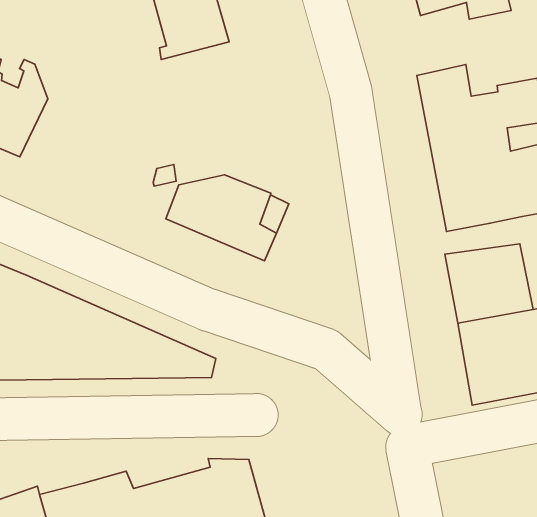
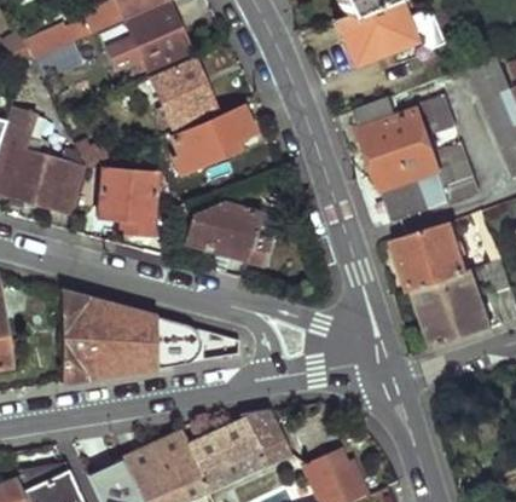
building: none -> [170,106,254,173]
building: none -> [98,168,156,232]

